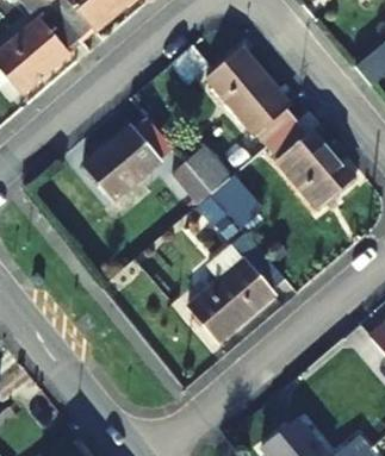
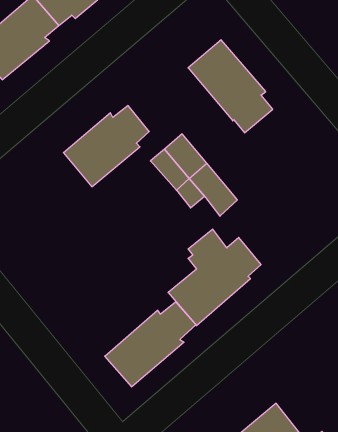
building: [267,121,352,206] -> none
building: none -> [105,302,196,387]

